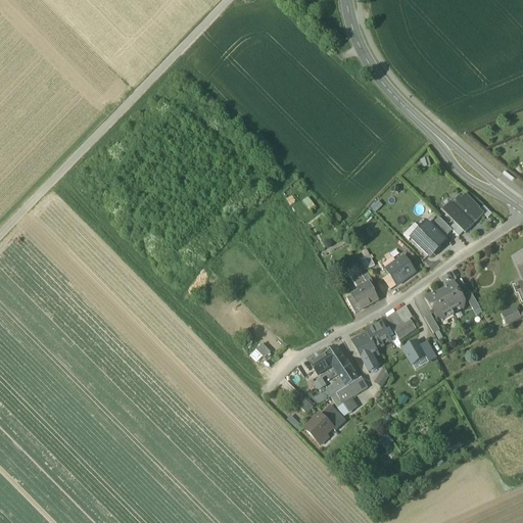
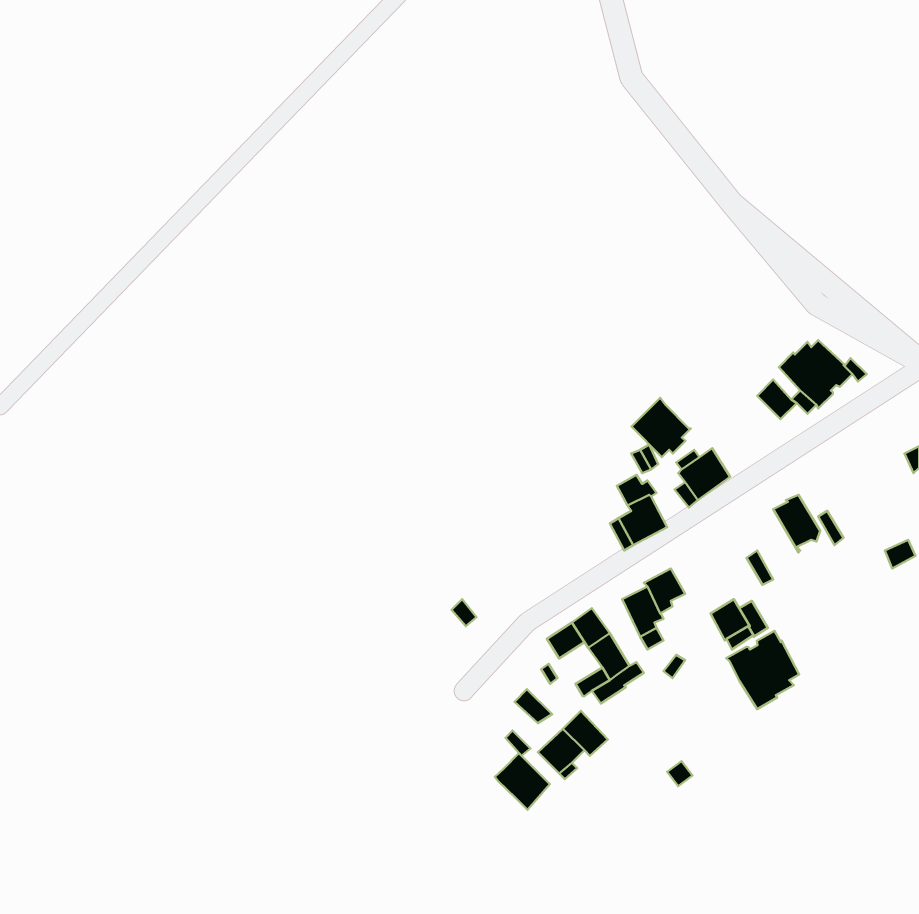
building: [411,221,444,254] -> [631,398,691,457]
building: [425,289,454,320] -> none
building: [386,304,416,338] -> none
building: none -> [726,631,799,709]
building: none -> [495,753,550,810]

